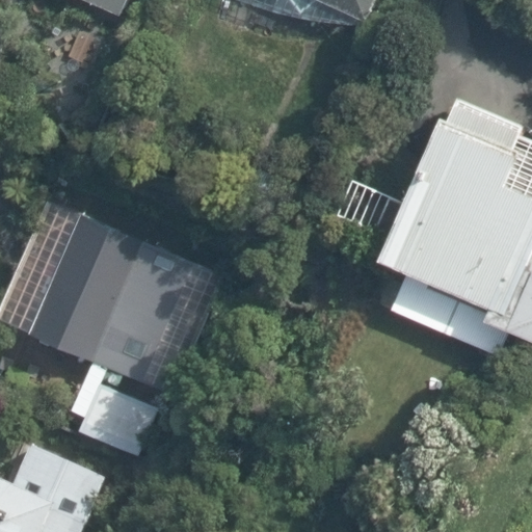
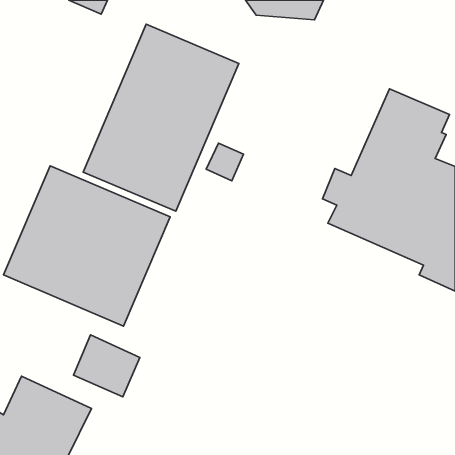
building: none -> [83,24,239,211]

